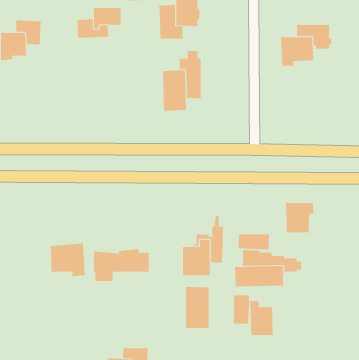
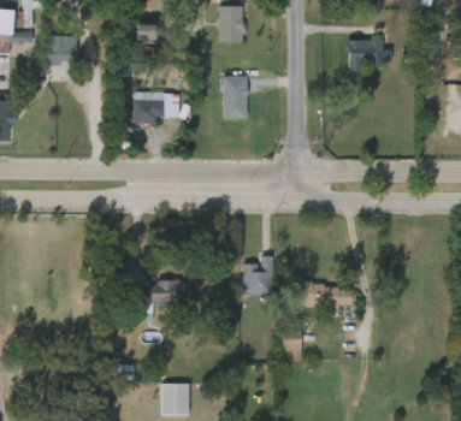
building: none -> [146,89,177,118]
building: [285,202,314,233] -> none
building: [238,233,269,250] -> none
building: [50,243,85,277] -> none
building: [186,286,209,329] -> none
building: [250,300,273,336] -> none

